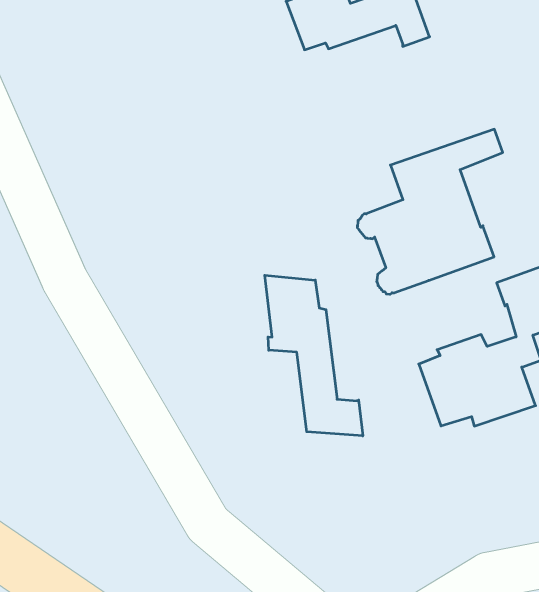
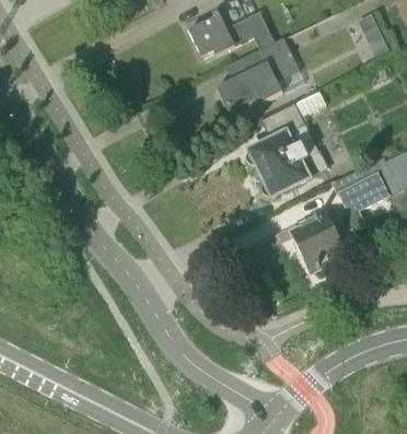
building: none -> [216,38,299,112]
building: [265,275,363,436] -> none

